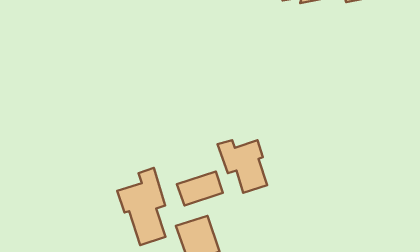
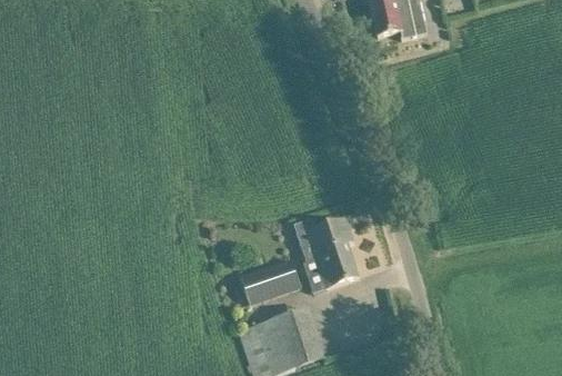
building: [117,168,166,245] -> none

